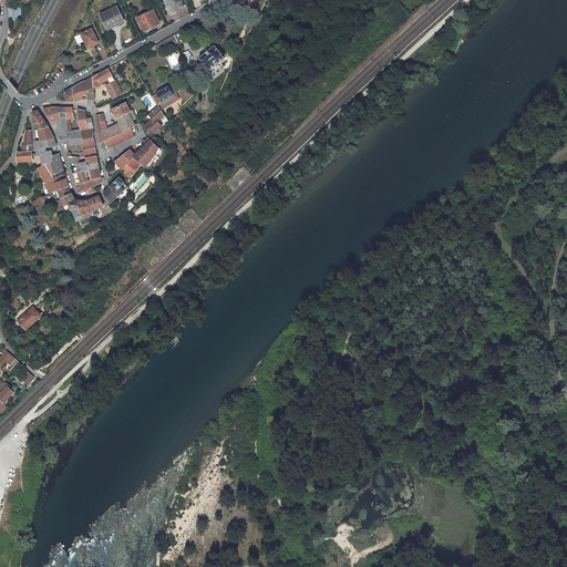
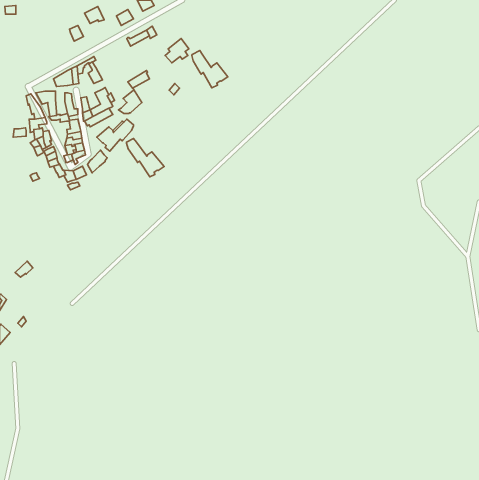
building: none -> [192,51,228,88]
building: none -> [126,138,164,177]

